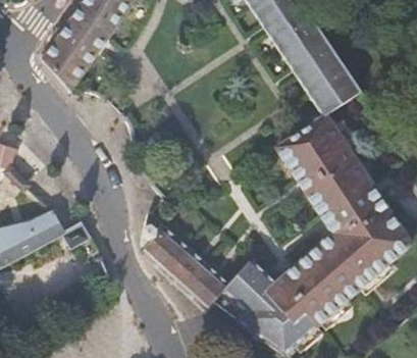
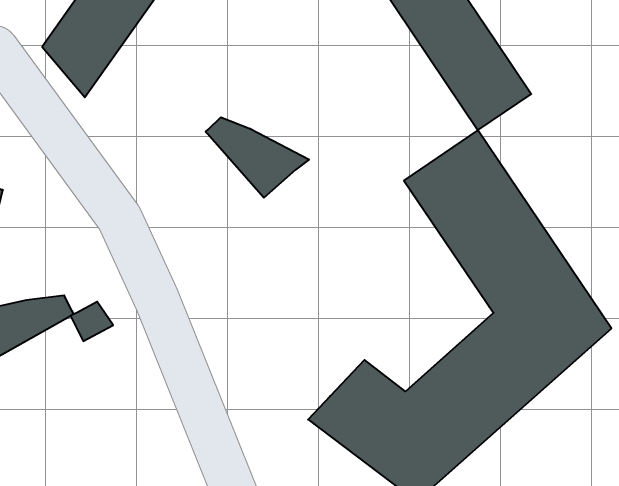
building: none -> [206,117,309,198]
building: [139,209,227,309] -> none

